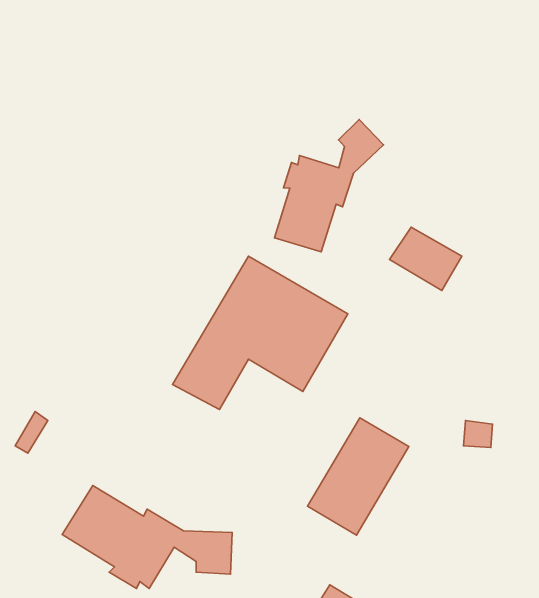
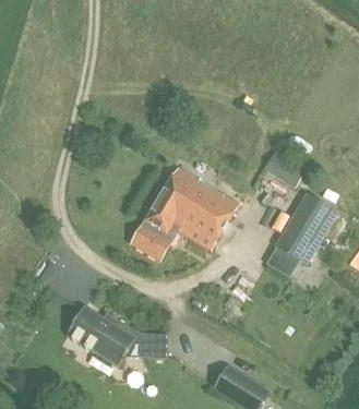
building: [275,120,383,252] -> none
building: [308,418,409,535] -> [274,195,335,266]

